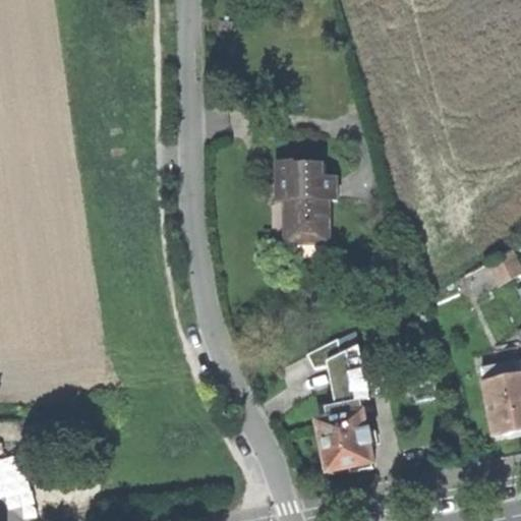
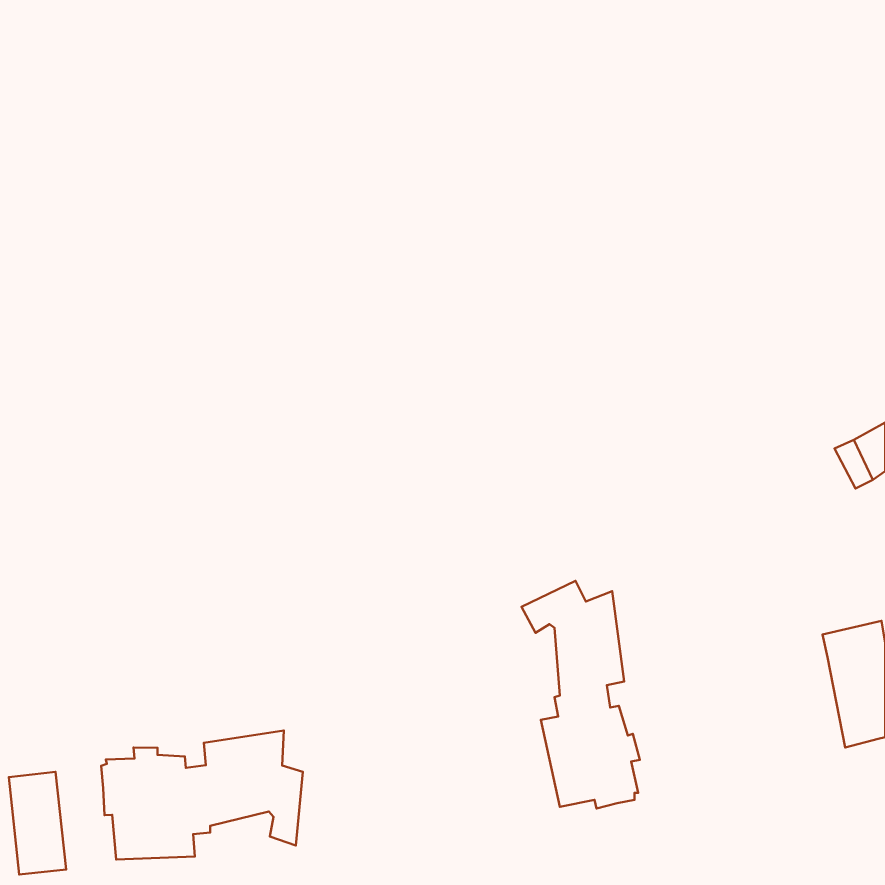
building: [274,160,335,242] -> none
building: none -> [101,730,303,859]

